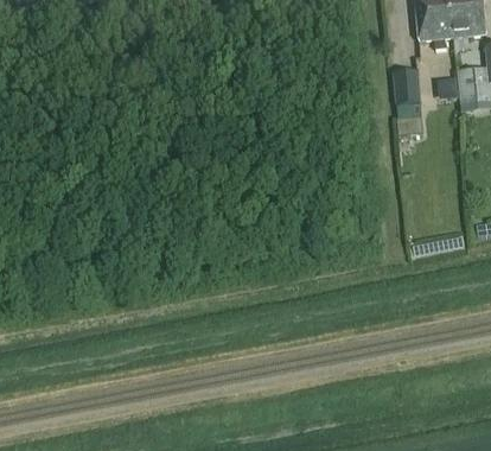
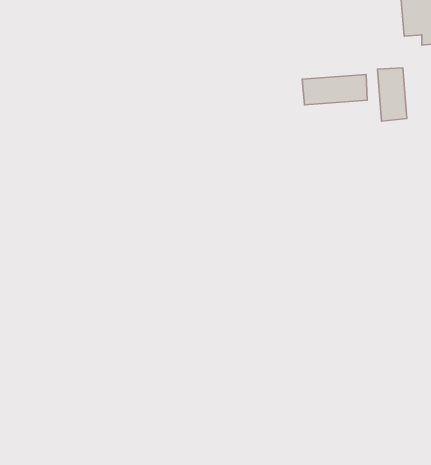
building: none -> [302,75,367,105]

